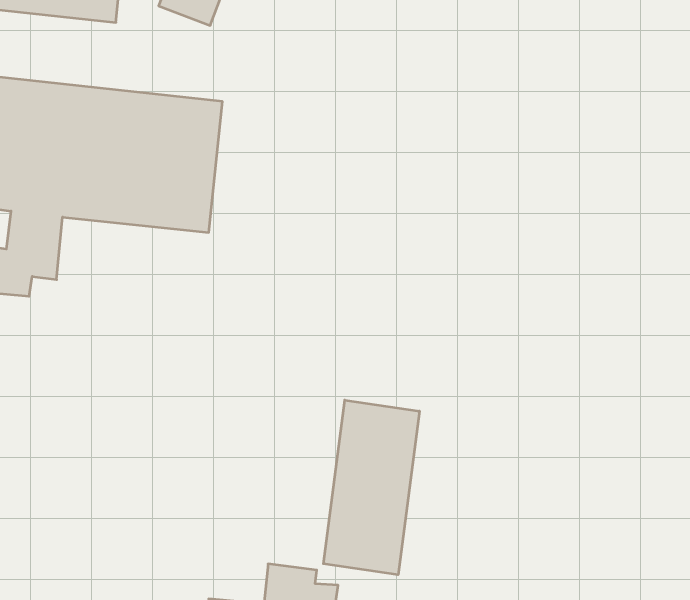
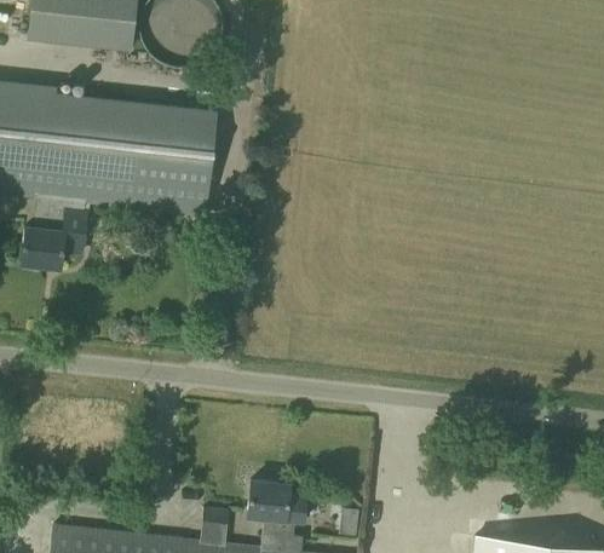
building: [323,400,419,575] -> none

